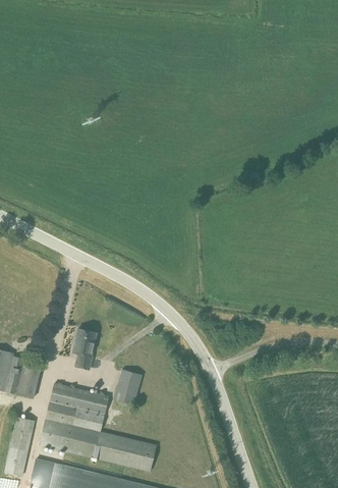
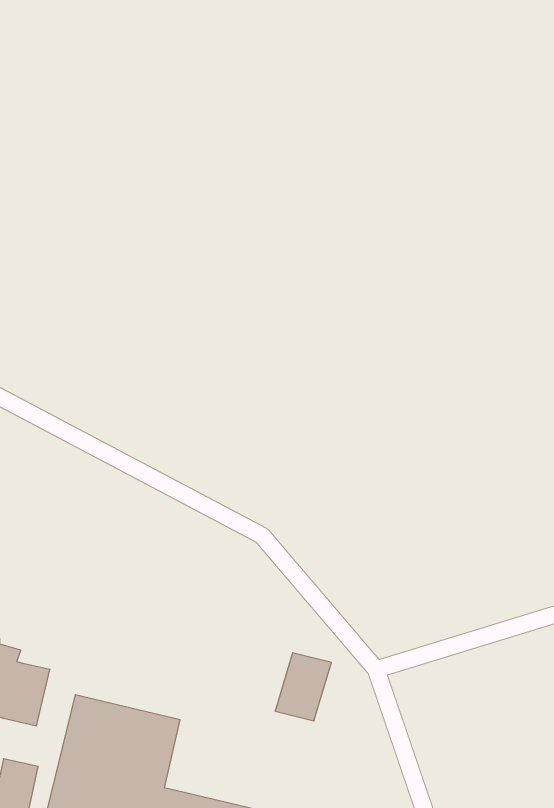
building: [72,328,97,369] -> none
building: [113,369,143,404] -> [275,653,331,721]

